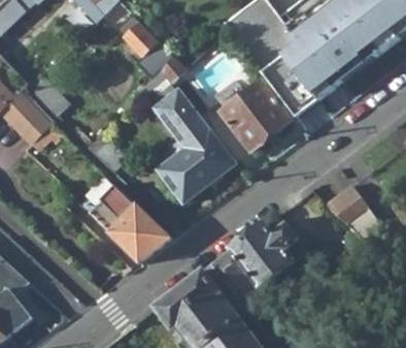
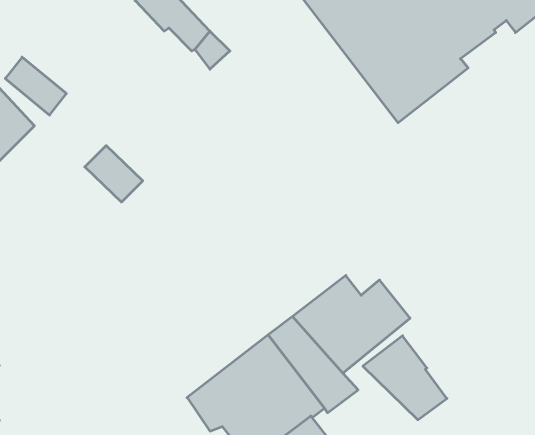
building: [218,81,292,152] -> none
building: [153,91,234,203] -> none
building: [82,179,170,261] -> none
building: [324,184,380,241] -> [363,336,447,420]

